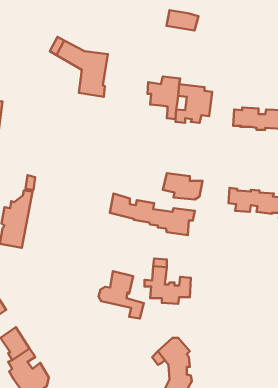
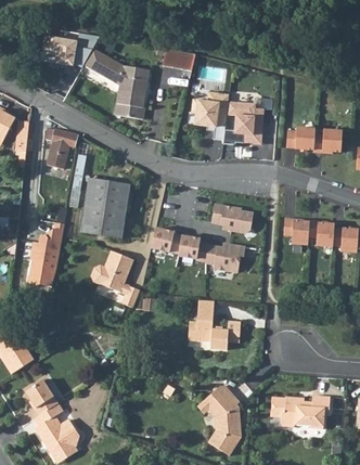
building: [166,10,198,31] -> [157,49,193,72]
building: none -> [39,34,76,64]
building: none -> [44,127,76,169]
building: none -> [78,177,128,238]
building: [98,271,144,319] -> [88,254,139,307]
building: none -> [269,395,329,427]

